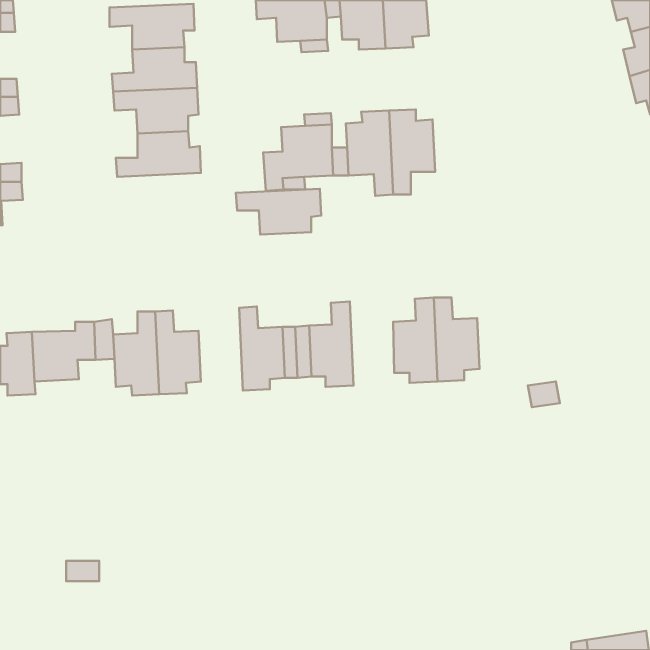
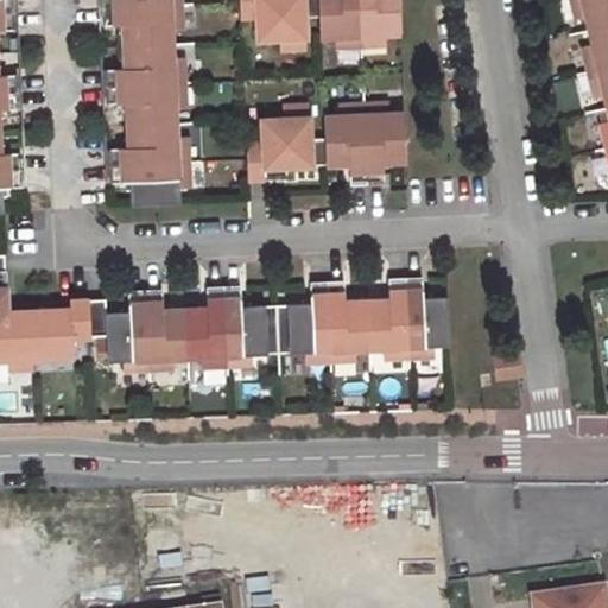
building: [236,189,321,235] -> [109,162,189,204]
building: none -> [327,281,368,360]
building: none -> [185,287,227,366]

